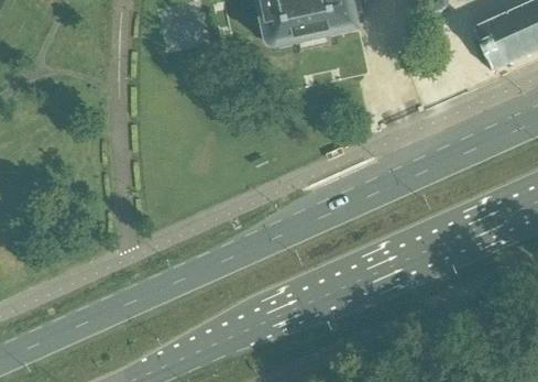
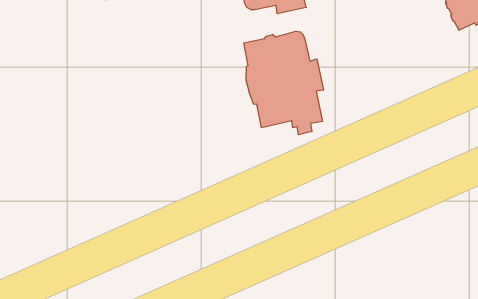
building: none -> [244,31,324,135]

